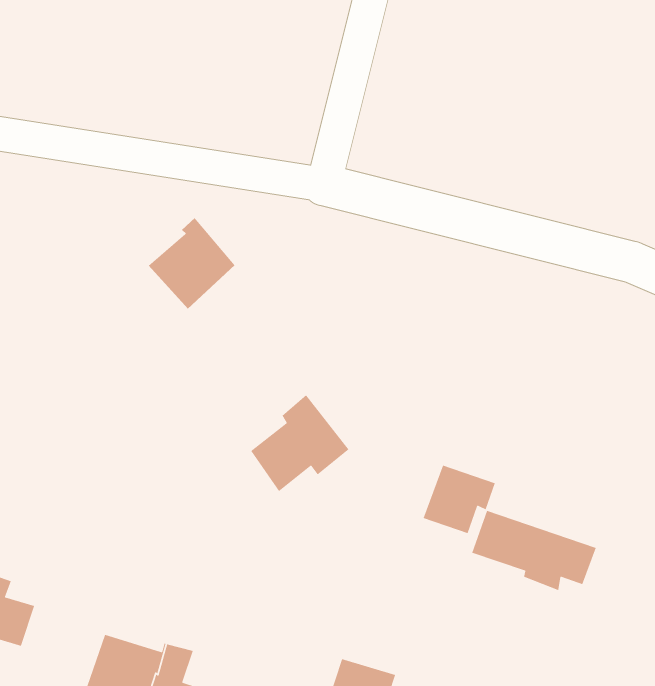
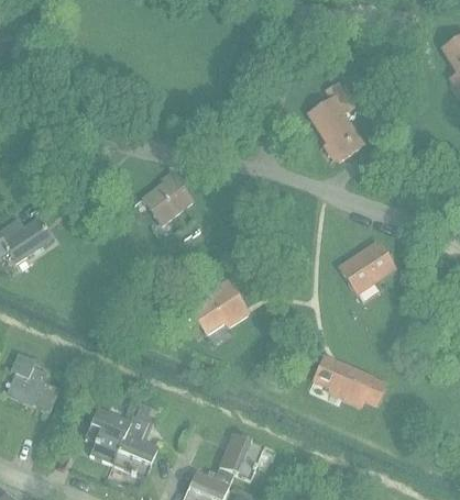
building: none -> [310,82,364,162]
building: none -> [340,243,396,295]
building: [422,464,496,534] -> none

